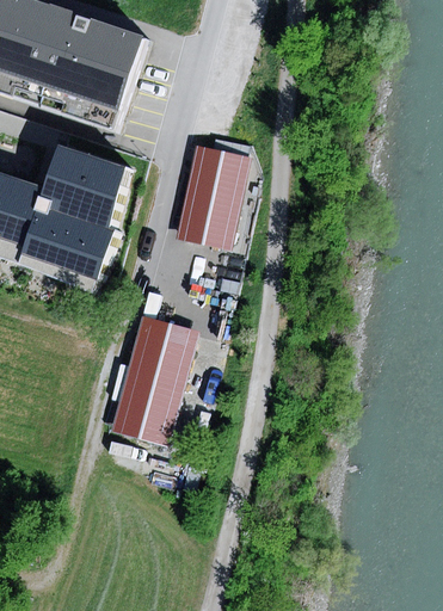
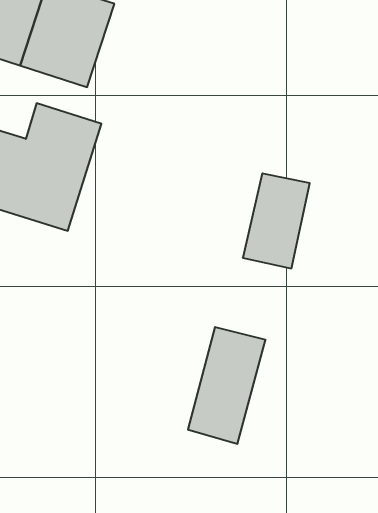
building: [174,144,248,249] -> [243,173,310,268]
building: [111,315,197,444] -> [188,327,266,444]

